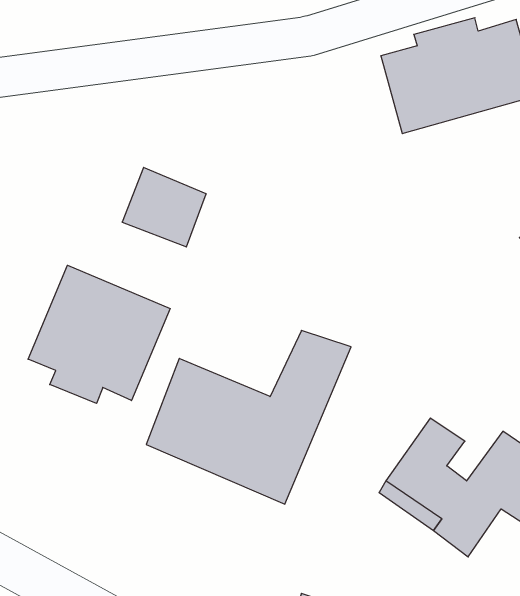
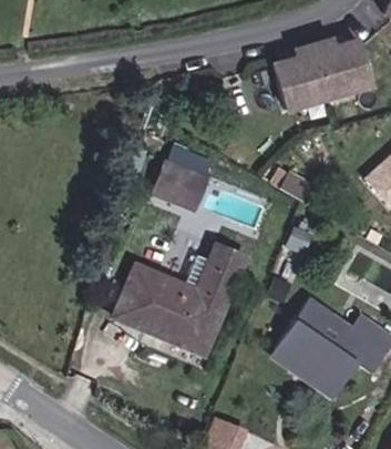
building: [122,167,206,247] -> [152,159,208,212]
building: [28,265,170,403] -> none

